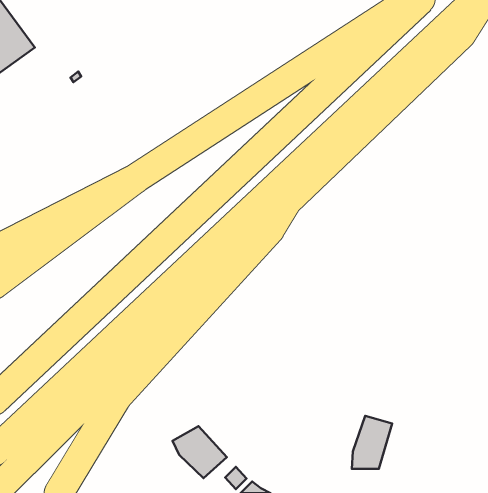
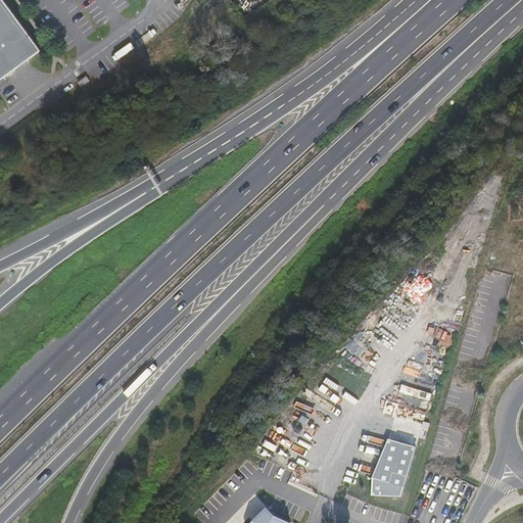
building: [172,426,227,478] -> none

